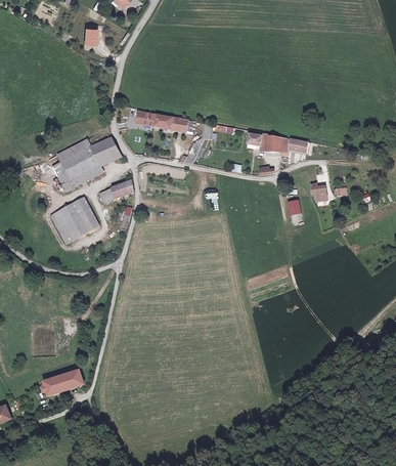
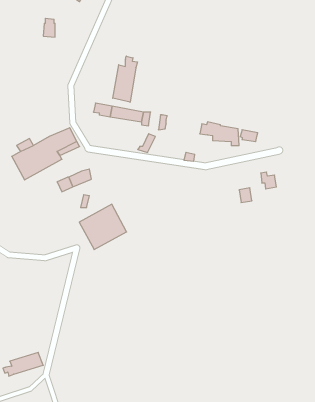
building: none -> [113,56,137,102]
building: [50,197,99,244] -> [79,204,127,250]

